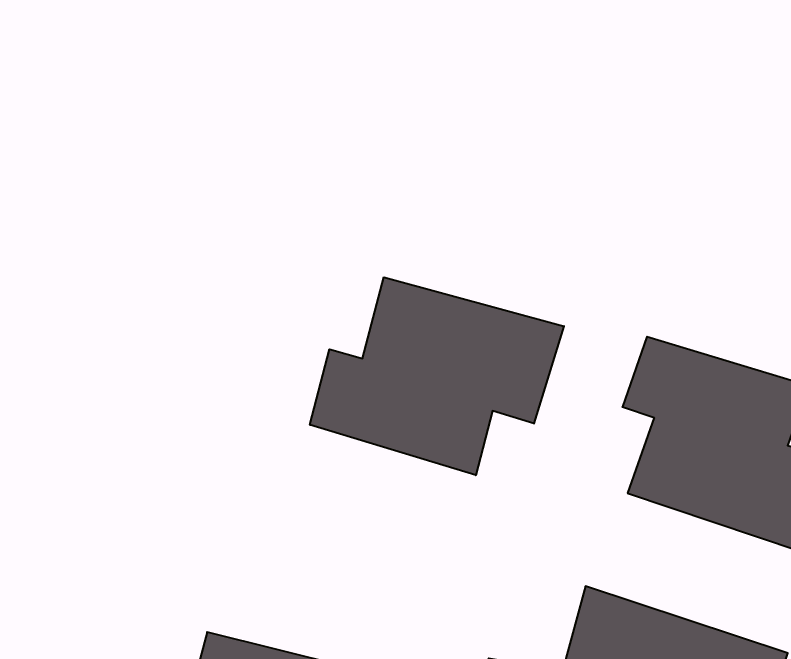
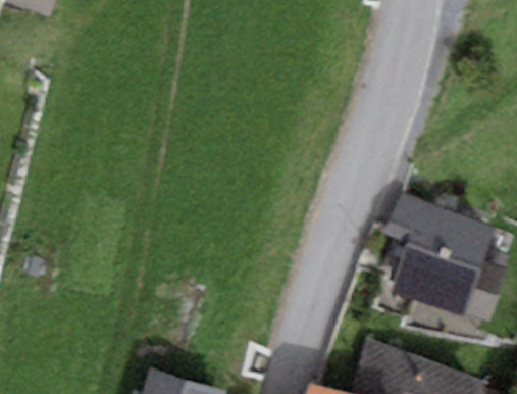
building: [310,277,564,475] -> none

